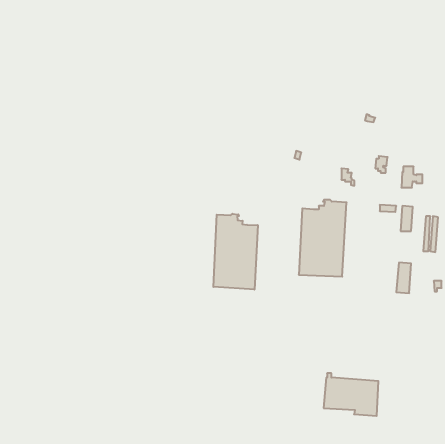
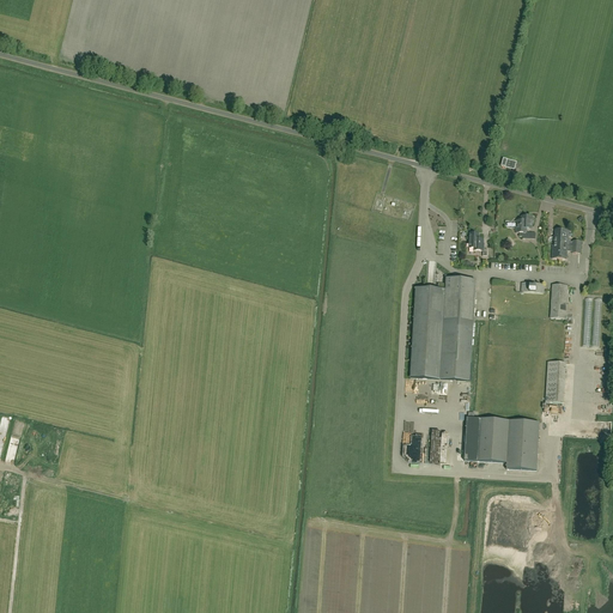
building: [213,214,258,290] -> none
building: [324,373,378,416] -> [463,411,539,469]

